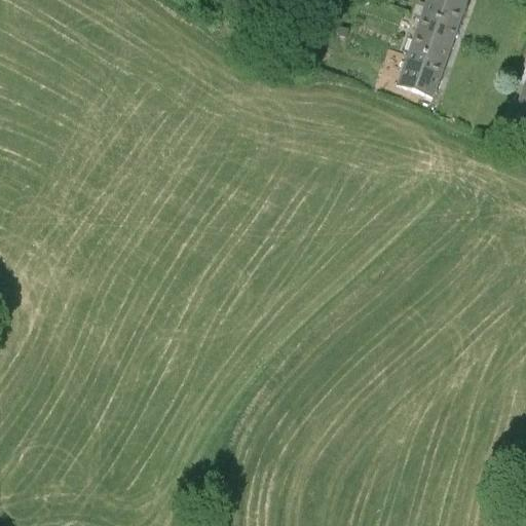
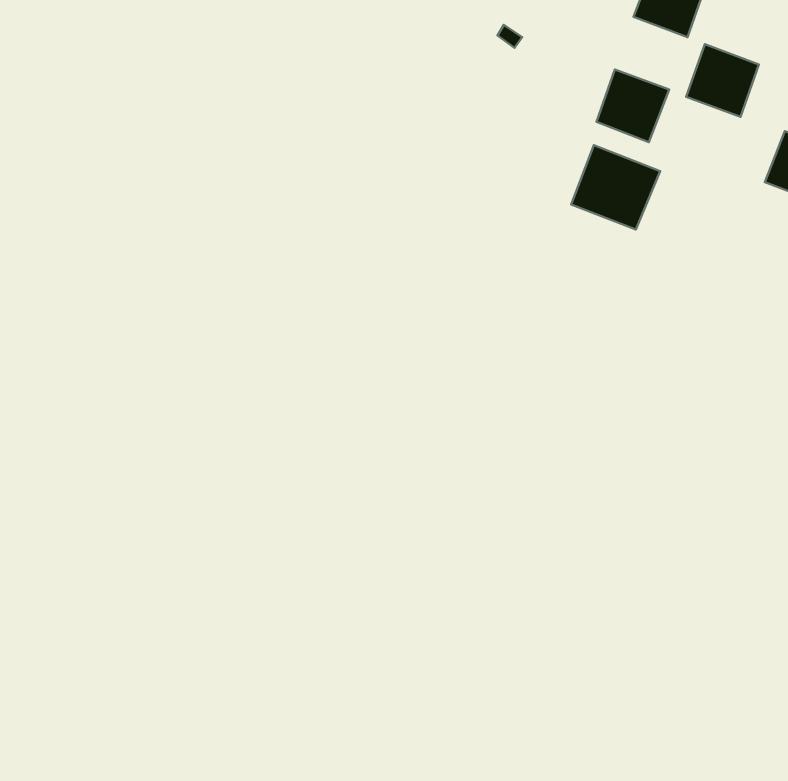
building: [410,11,458,60] -> [686,44,759,117]
building: none -> [571,145,660,229]

